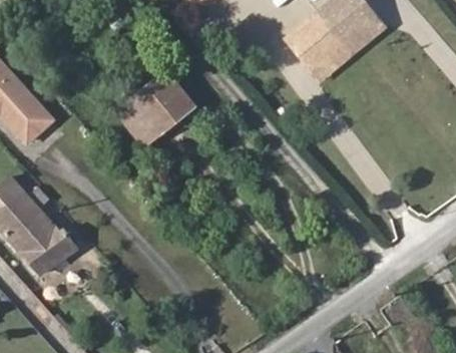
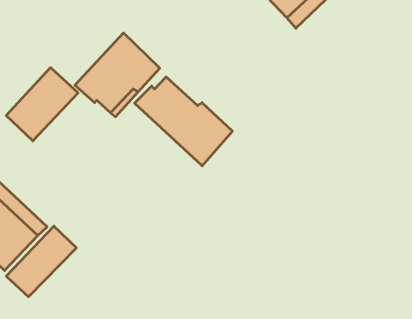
building: none -> [6,68,78,141]
building: none -> [135,77,232,166]

